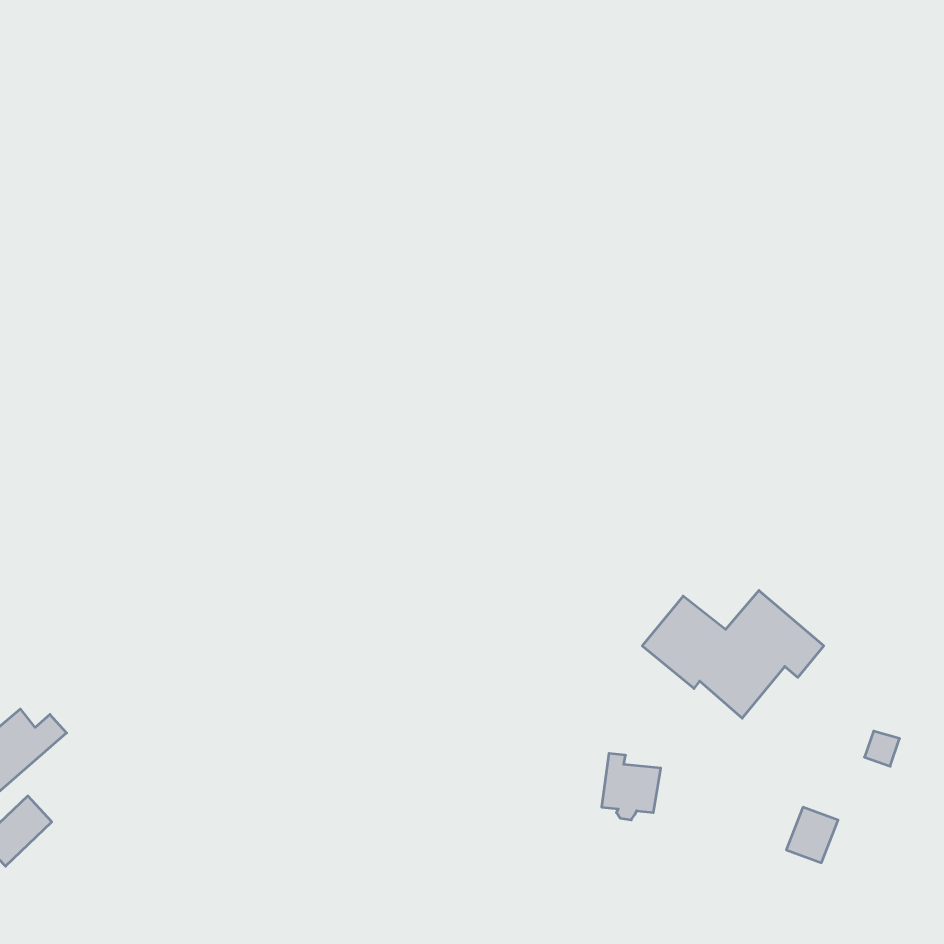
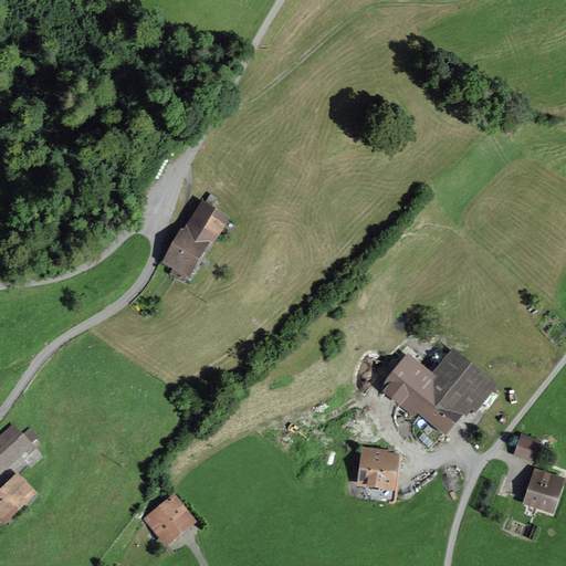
building: none -> [166,205,224,271]
building: [786,807,838,863] -> [526,473,557,506]
building: none -> [147,500,188,539]

